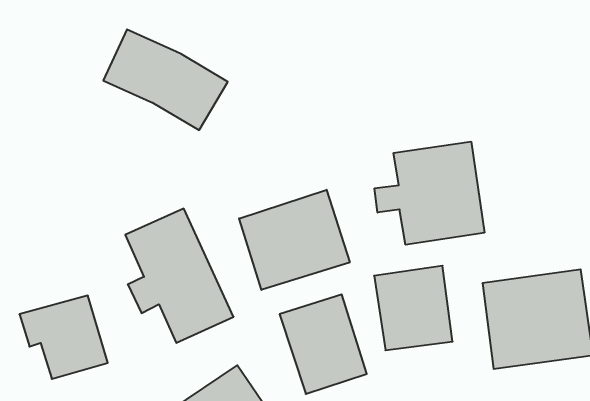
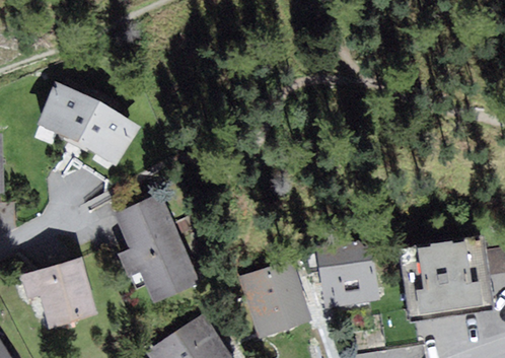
building: [103,29,228,130] -> [38,84,139,166]
building: [375,142,484,245] -> none
building: [239,190,350,290] -> none

